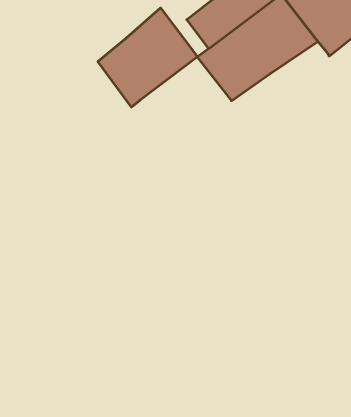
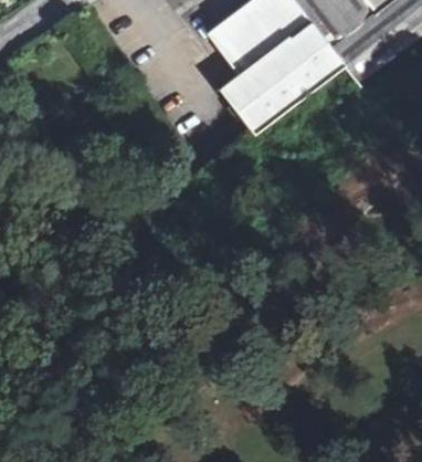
building: [98,8,197,107] -> none

